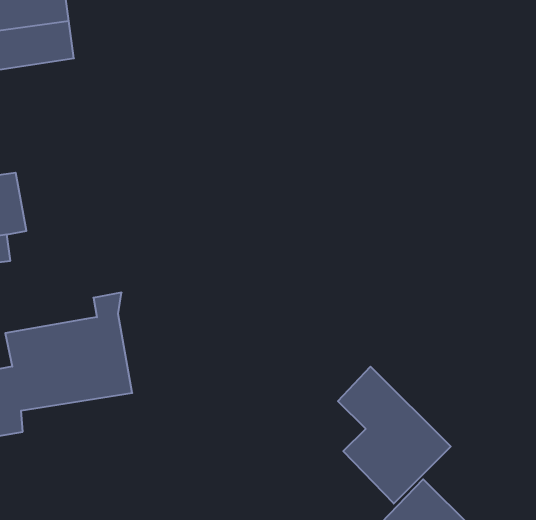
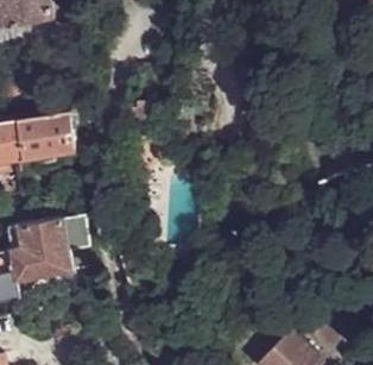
building: none -> [15,114,74,161]
building: [338,367,451,504] -> none

